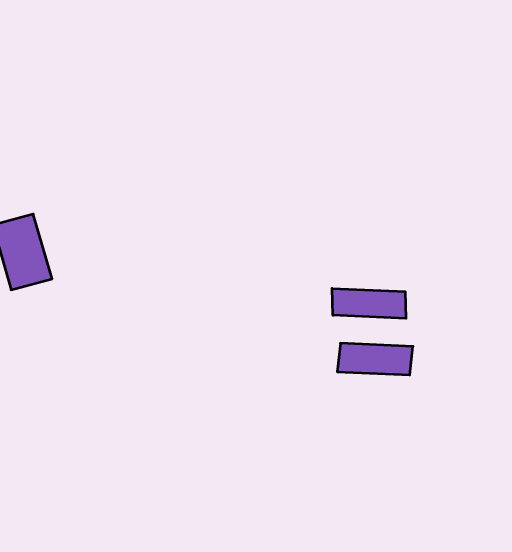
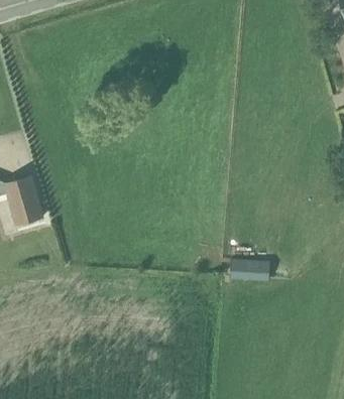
building: [332,288,406,318] -> none

